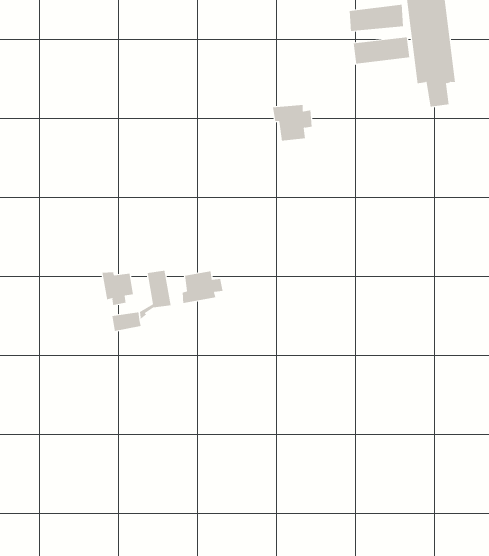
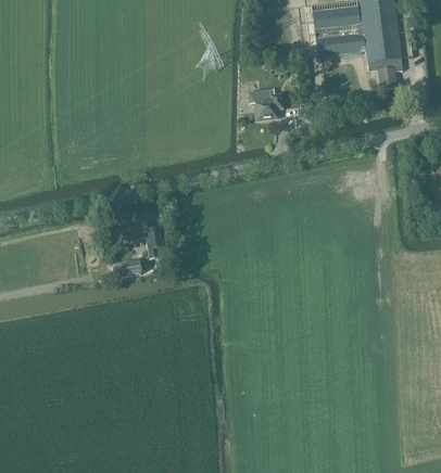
building: [182,271,223,304] -> none
building: [102,271,134,306] -> none

